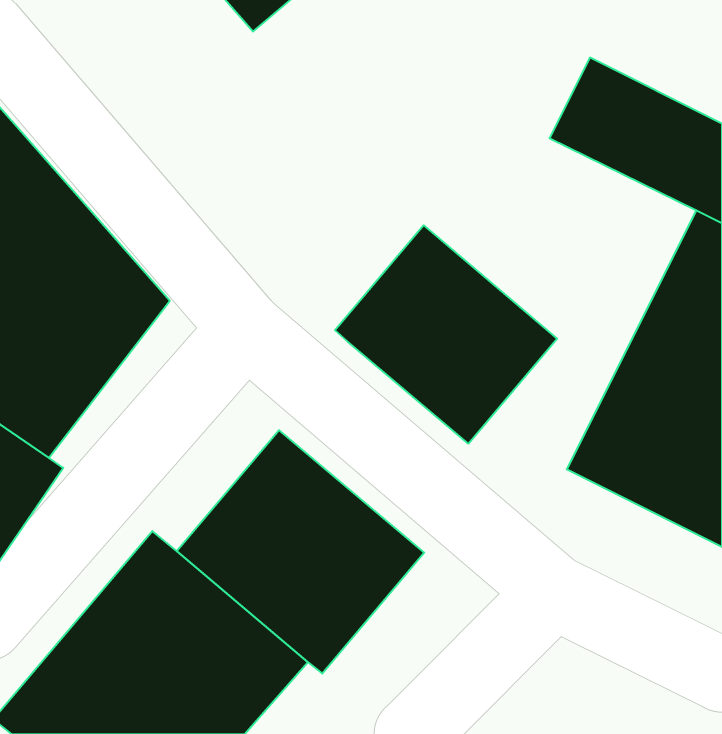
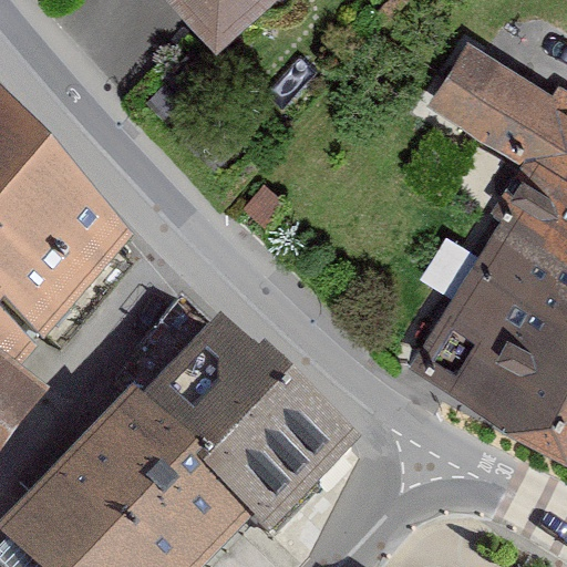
building: [335,225,557,444] -> none

